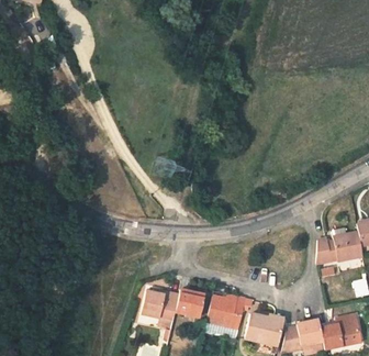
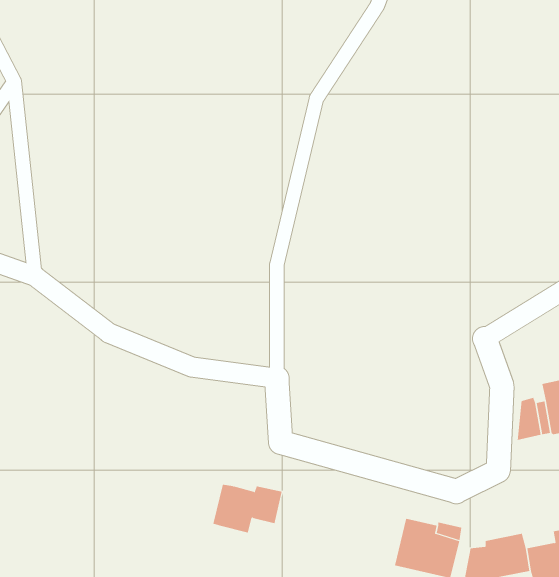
building: [172,291,202,319] -> none
building: [205,296,244,329] -> none

